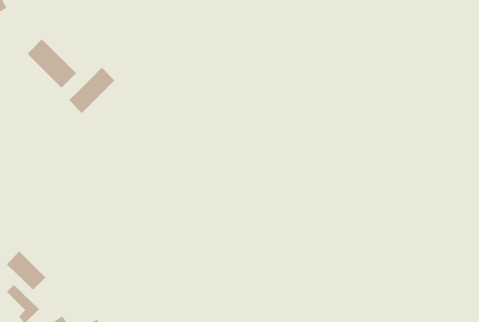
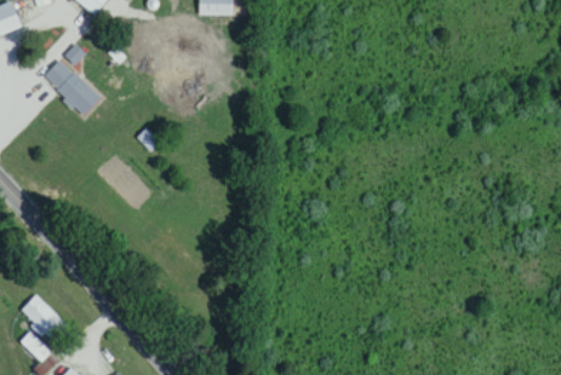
building: [68,67,115,114] -> none

